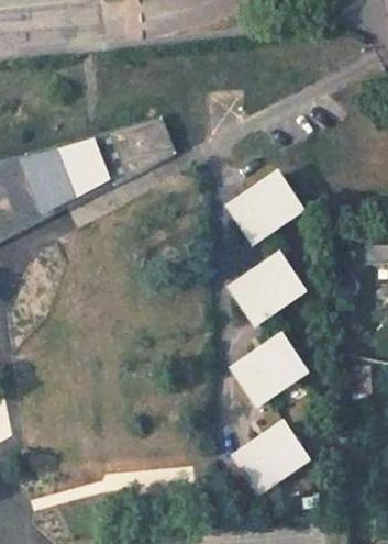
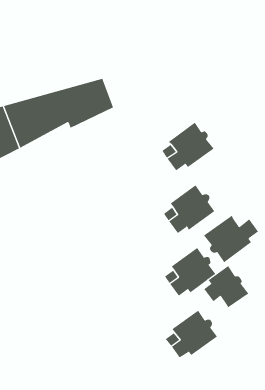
building: none -> [203,215,259,263]
building: none -> [204,265,249,308]

